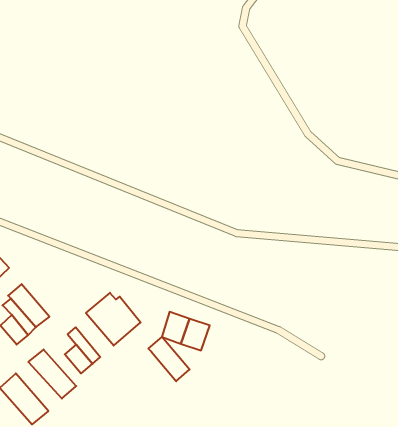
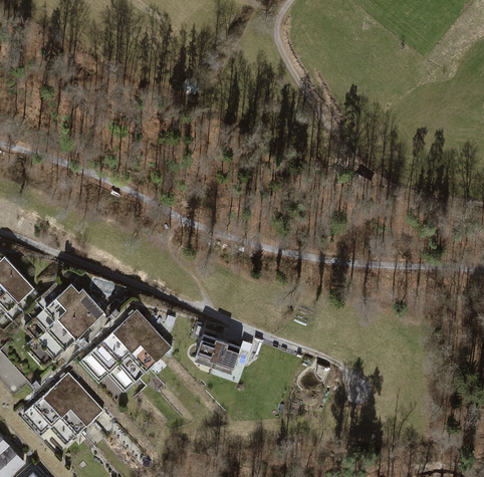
building: none -> [46,283,103,338]
building: [148,337,190,381] -> [99,334,143,381]
building: none -> [40,386,88,437]

